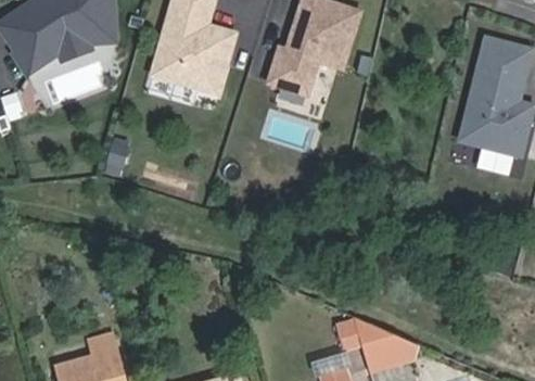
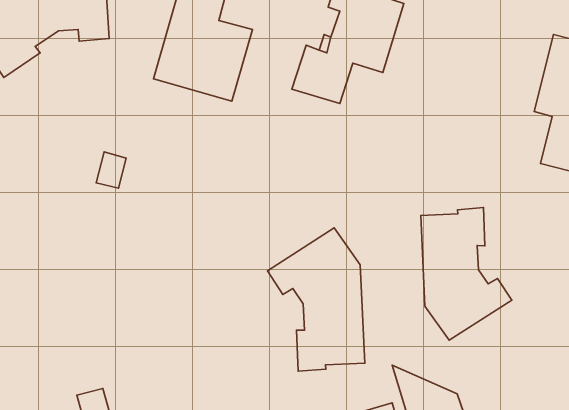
building: none -> [421,208,512,340]
building: none -> [267,228,365,371]

